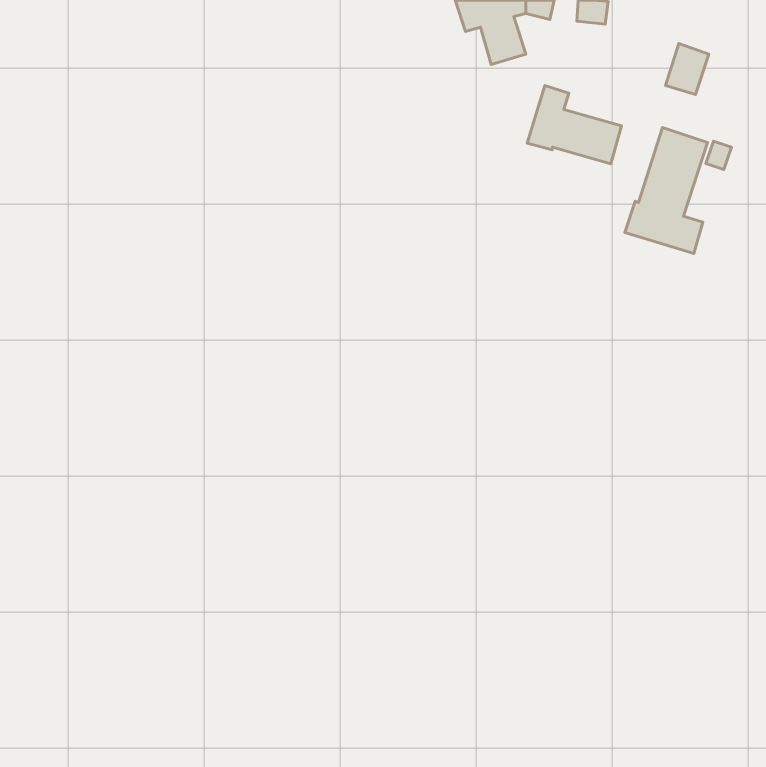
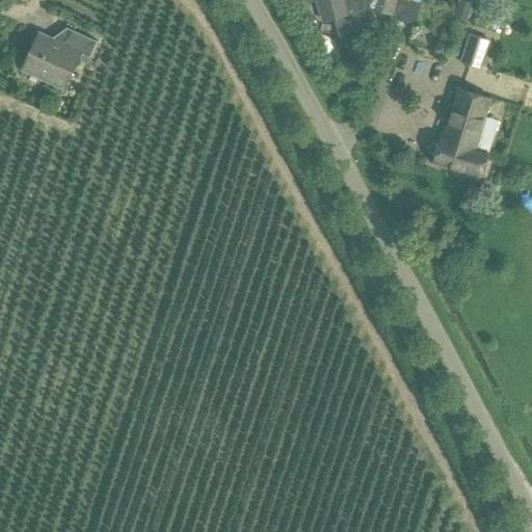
building: none -> [22,28,96,88]
building: [527,85,622,164] -> none

